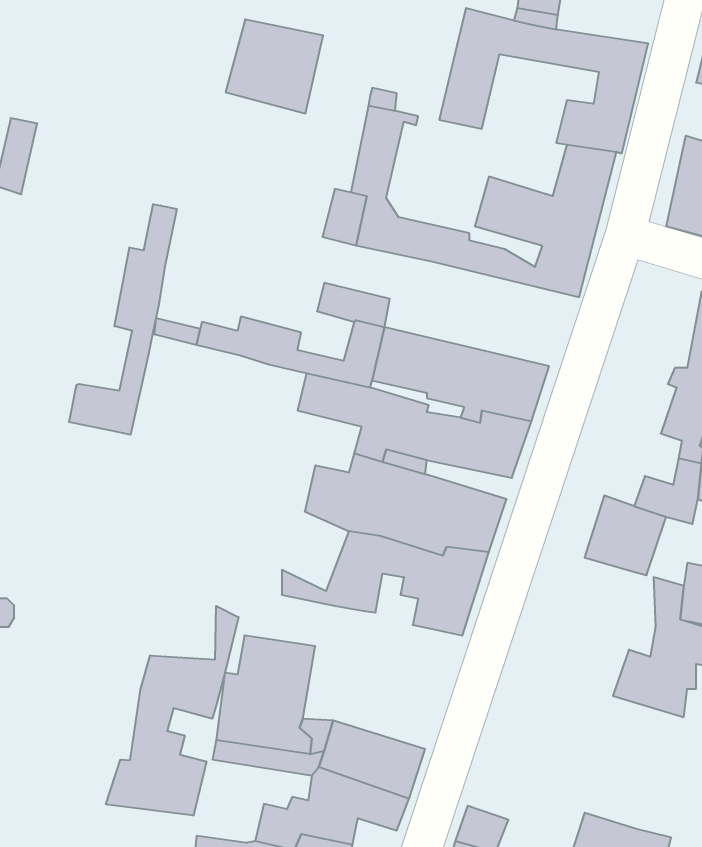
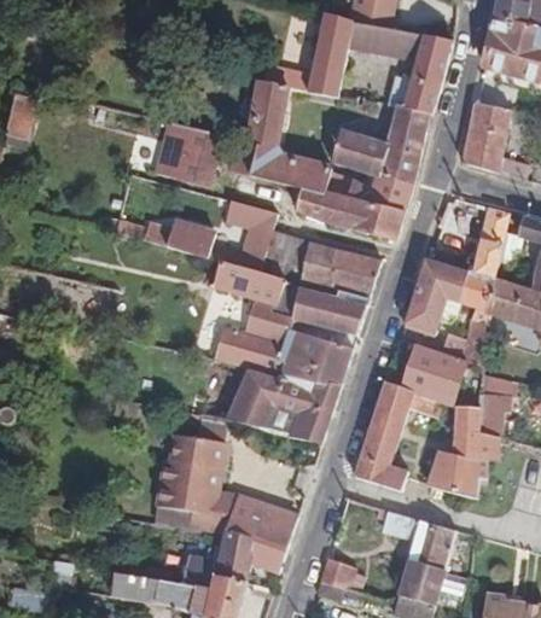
building: [226,19,323,113] -> [153,121,220,185]
building: [69,204,177,435] -> none
building: none -> [297,185,403,238]
building: none -> [403,258,470,334]
building: none -> [354,381,441,491]
building: [106,606,239,816] -> none
building: none -> [377,508,454,571]

